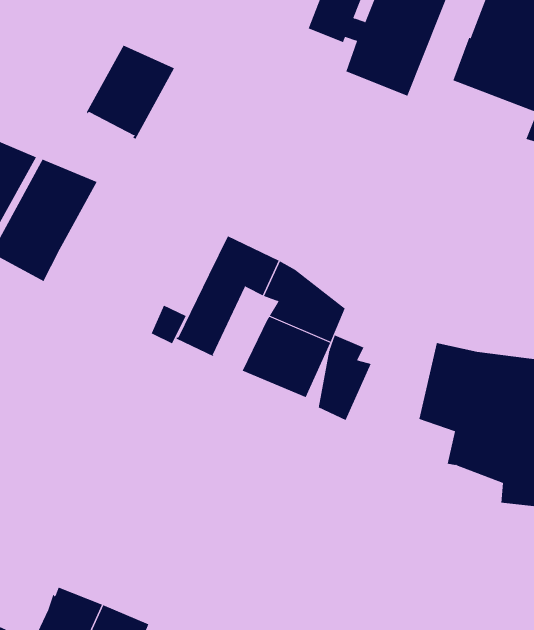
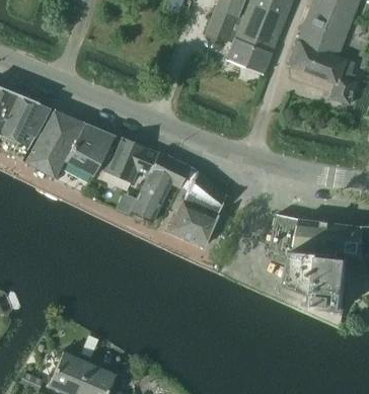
building: [86,45,175,139] -> [64,123,115,176]
building: none -> [105,137,159,181]
building: [318,334,372,421] -> none

